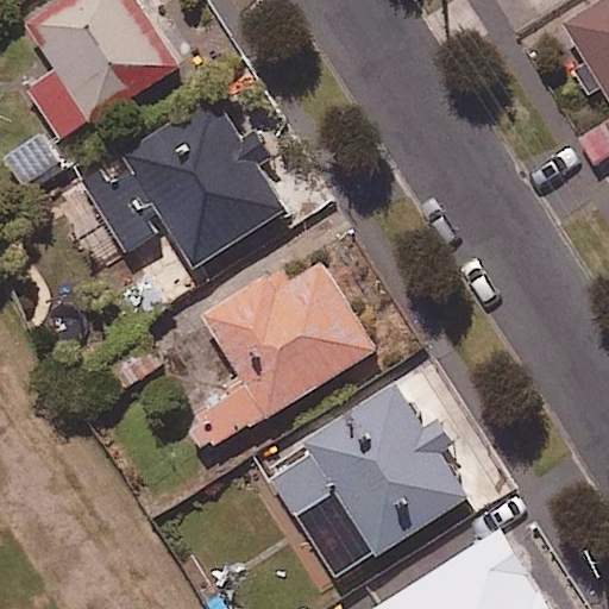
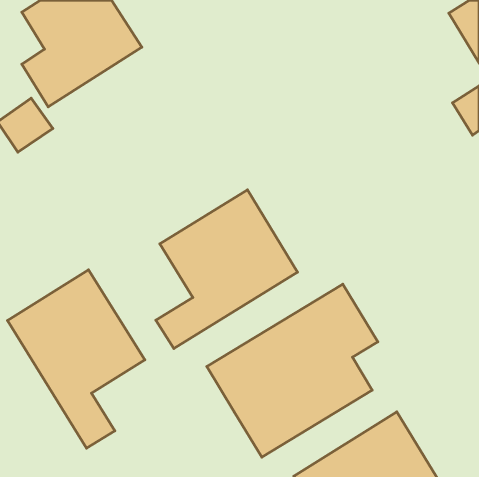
building: [82,96,285,265] -> none
building: none -> [8,270,145,448]

